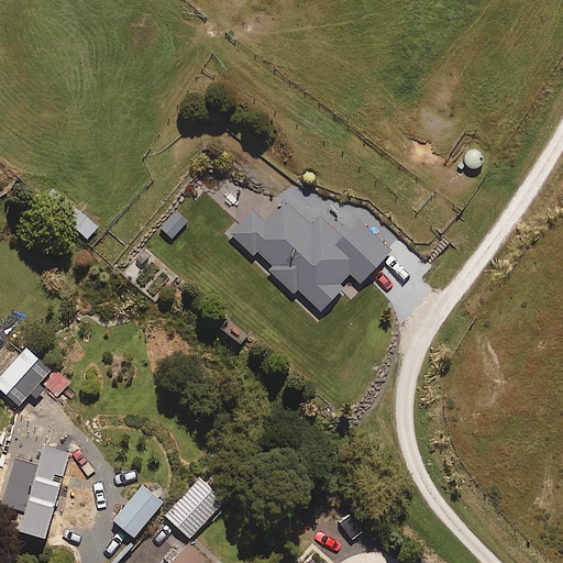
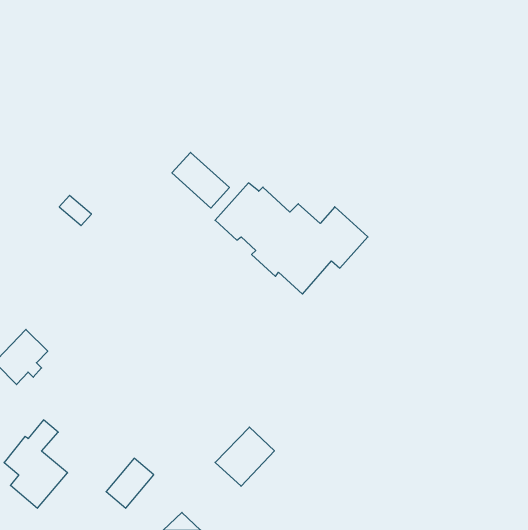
building: none -> [172,152,229,208]
building: [162,476,224,539] -> [215,427,274,486]

